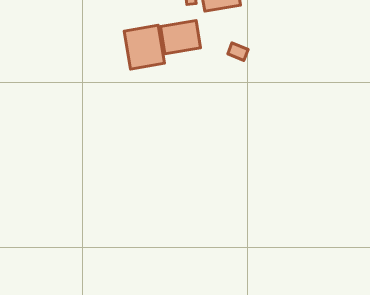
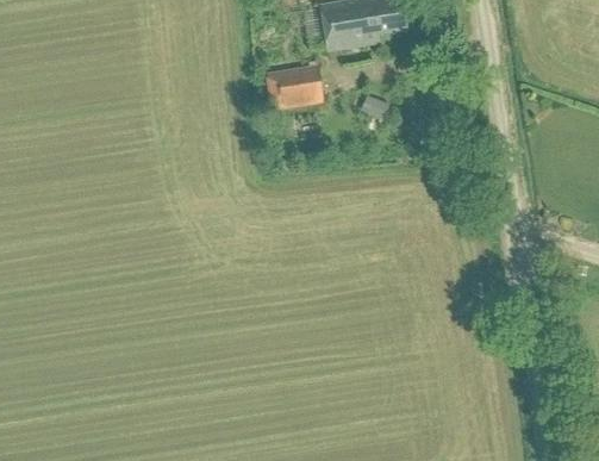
building: [124,25,164,69] -> none

